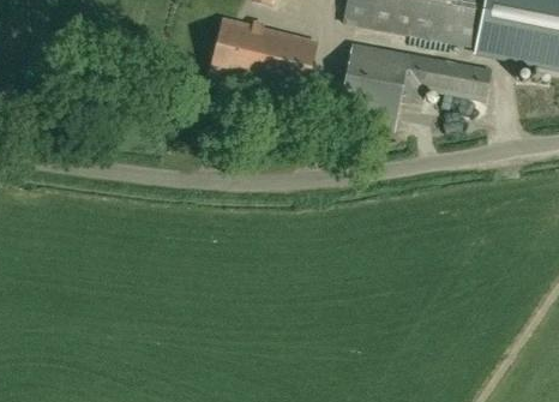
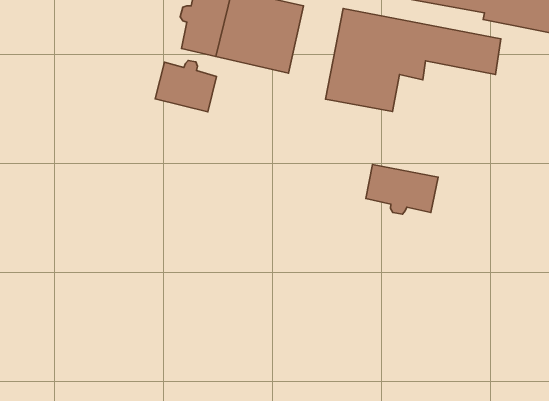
building: none -> [155,60,217,112]
building: none -> [366,165,438,214]

